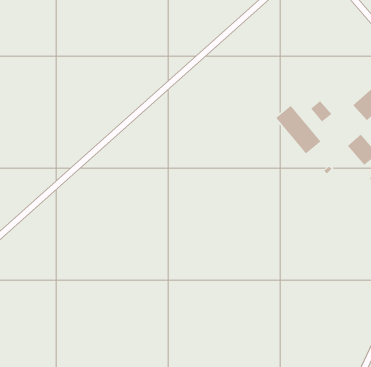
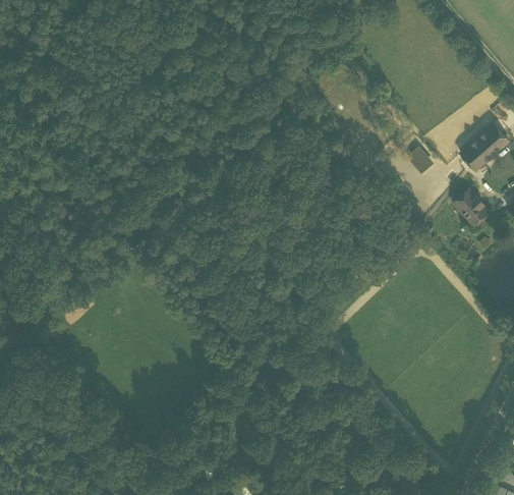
building: [275,105,321,154] -> none

